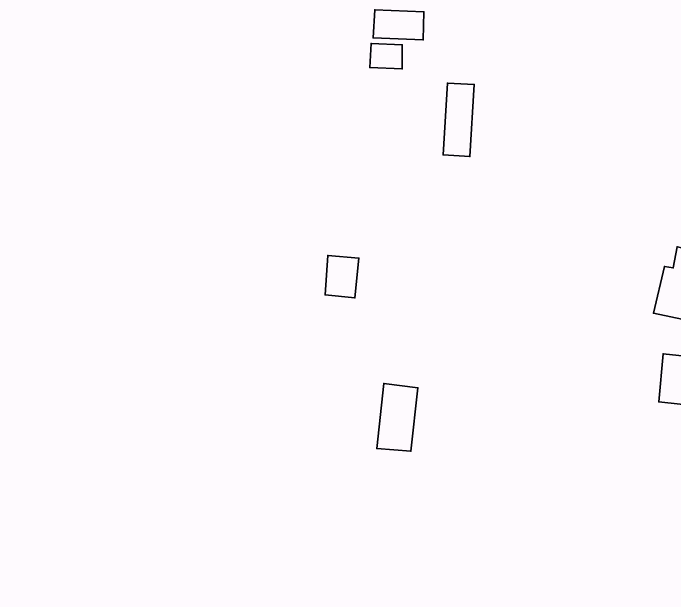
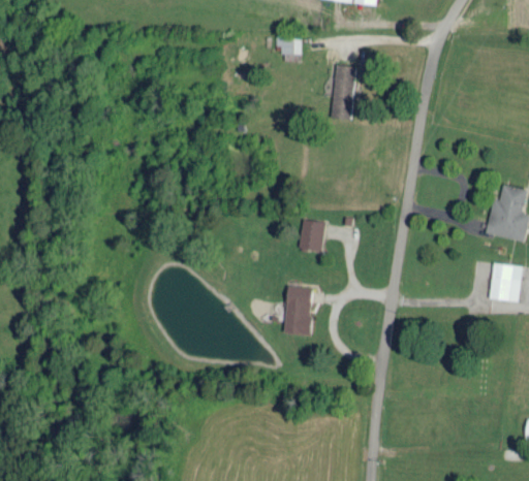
building: [373,10,424,40] -> none
building: [325,255,359,298] -> [300,220,324,251]

